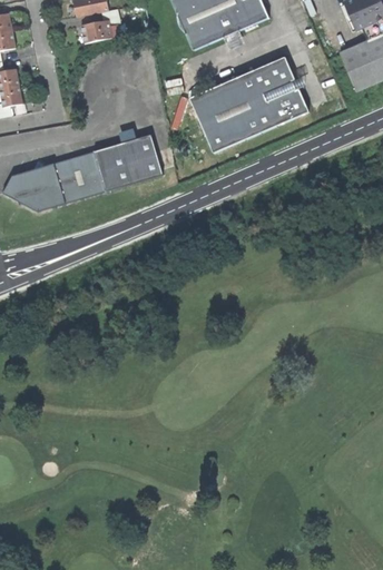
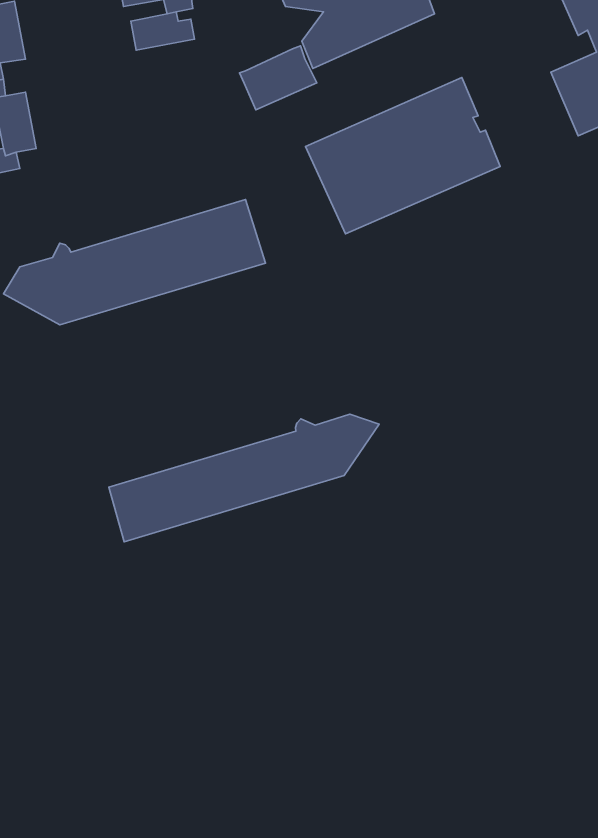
building: none -> [239,46,317,110]
building: none -> [109,414,379,542]

